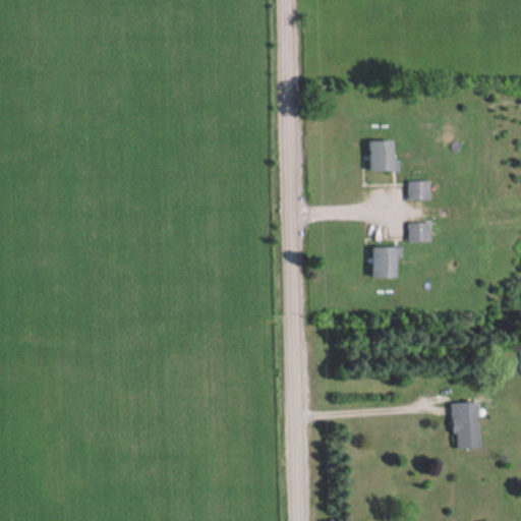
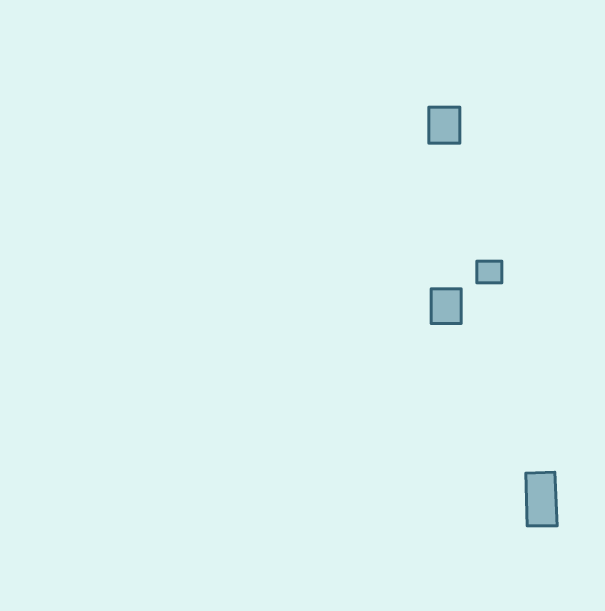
building: [369,141,396,172] -> [429,107,460,143]
building: [409,182,432,199] -> none

